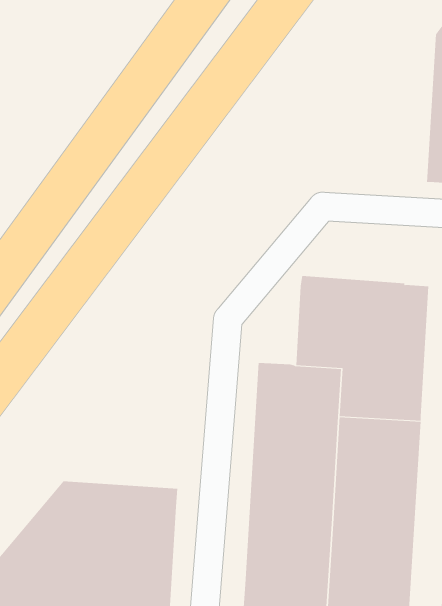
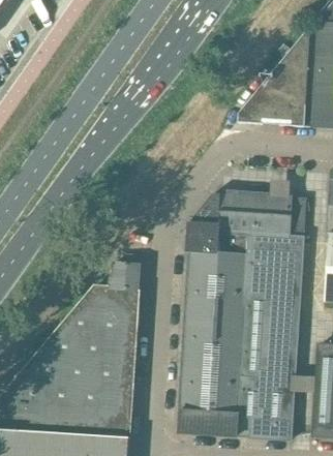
building: none -> [237,25,311,127]
building: none -> [186,199,218,253]
building: none -> [55,254,140,338]

